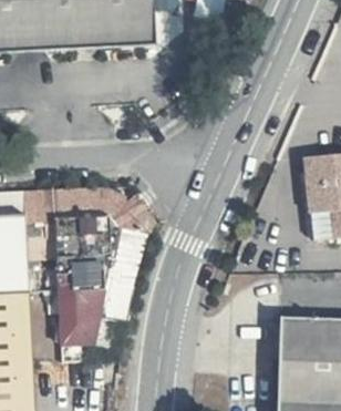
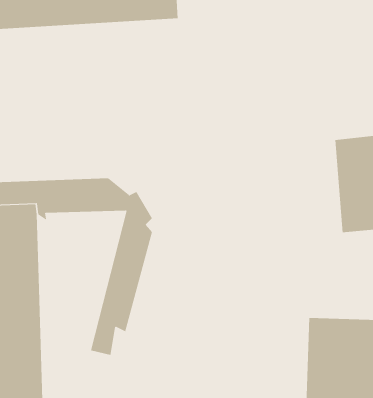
building: [42,218,114,347] -> none

